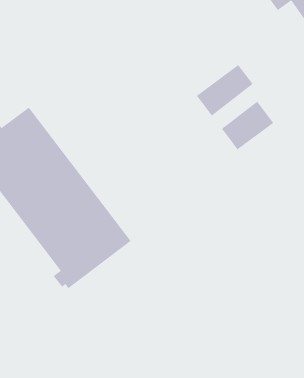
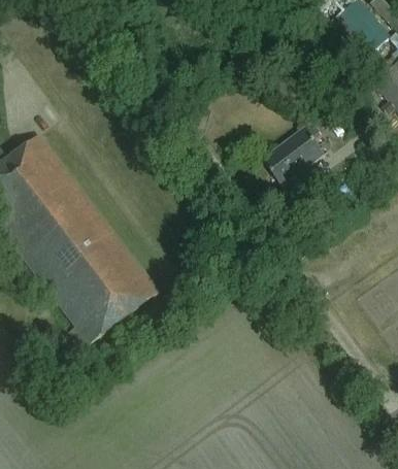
building: [196,64,253,116] -> none

